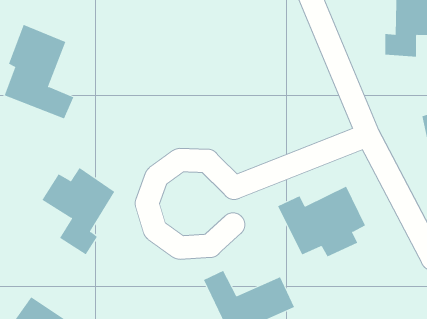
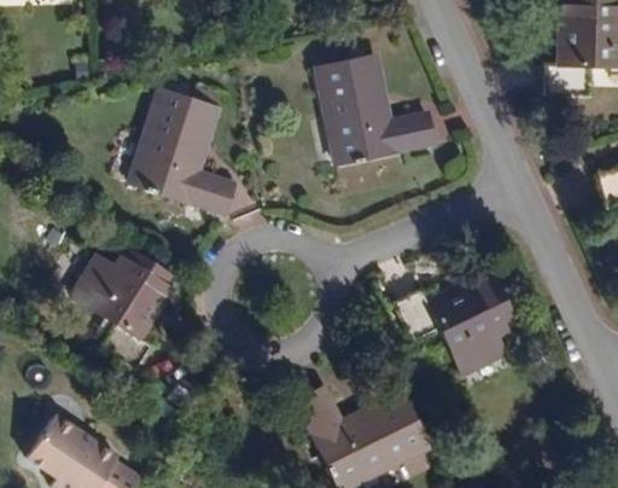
building: [4,24,74,119] -> [139,76,235,207]
building: none -> [316,60,436,167]

